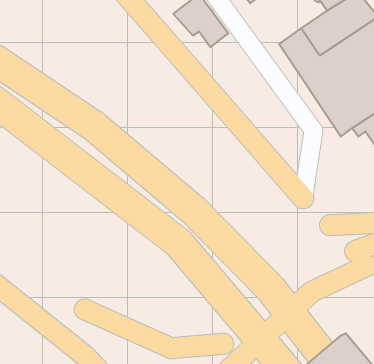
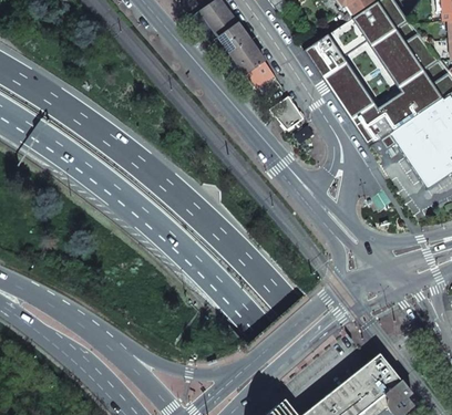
building: none -> [226,39,274,87]
building: none -> [270,96,305,131]

